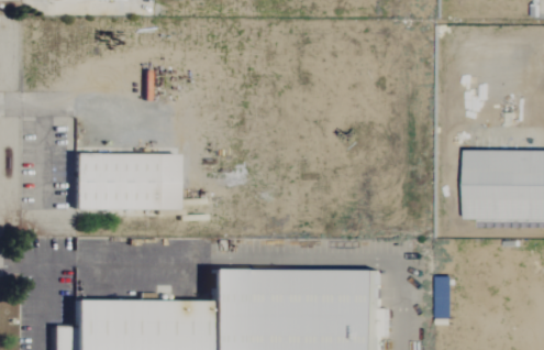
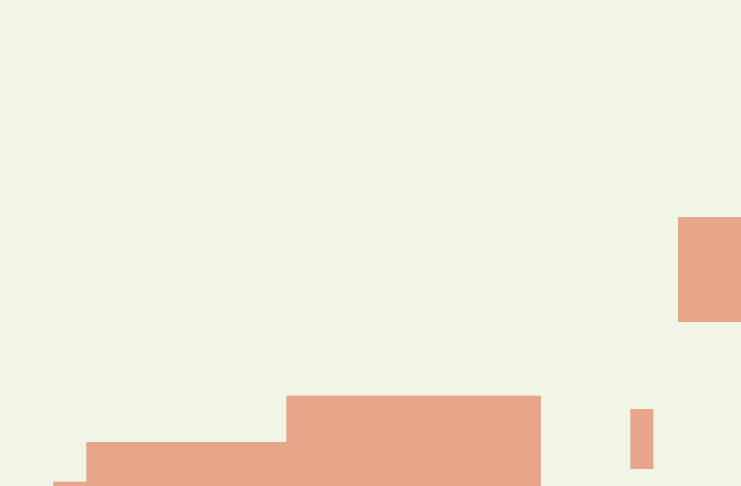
building: [74,154,177,210] -> none

